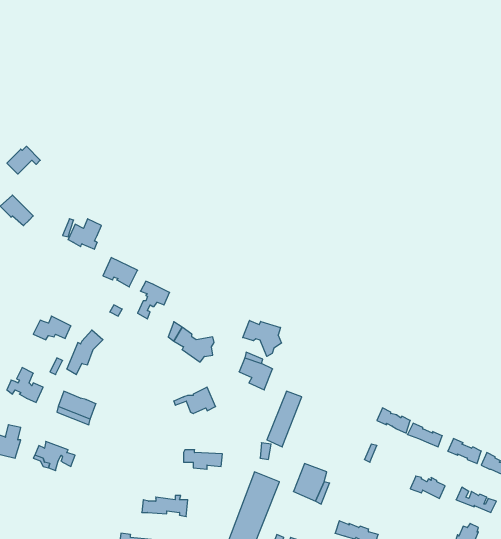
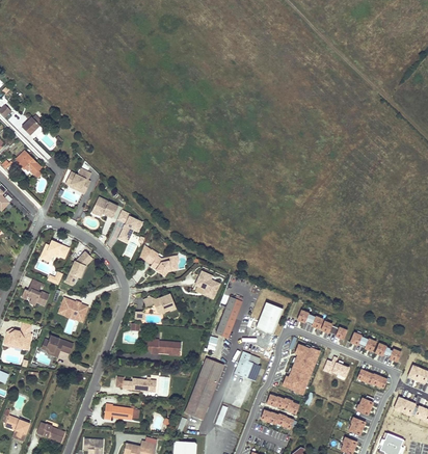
building: [243,320,281,356] -> none
building: none -> [255,301,282,333]
building: none -> [282,344,319,394]

